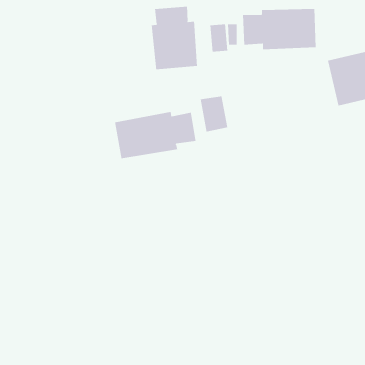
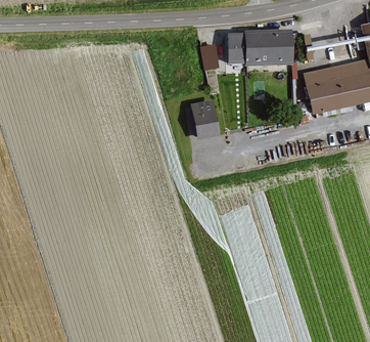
building: [151,6,198,70] -> none
building: [114,111,196,159] -> none

